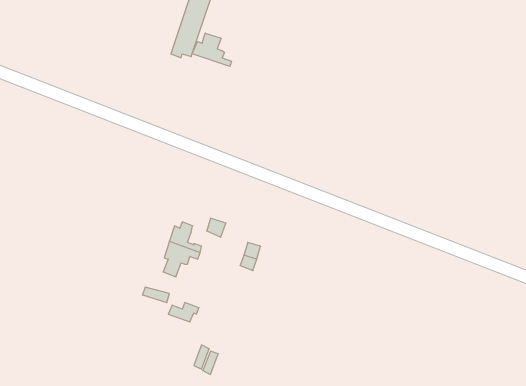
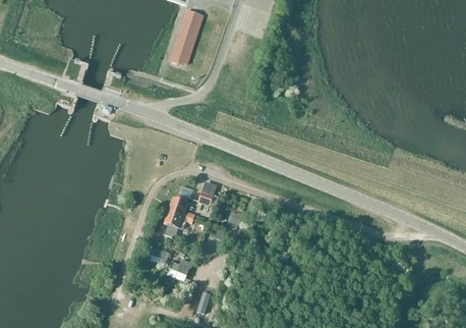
building: [192,33,231,66] -> none

